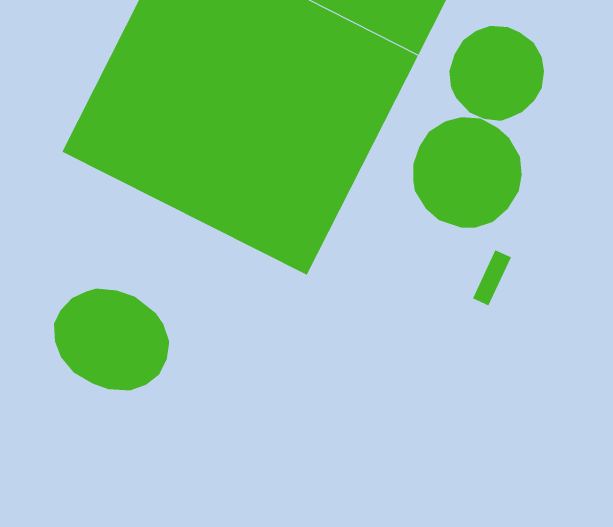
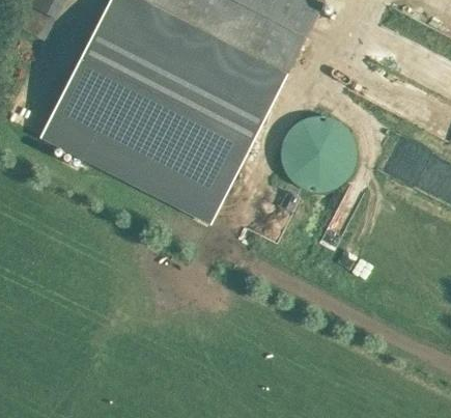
building: [449,25,545,121] -> none
building: [53,288,170,391] -> none

